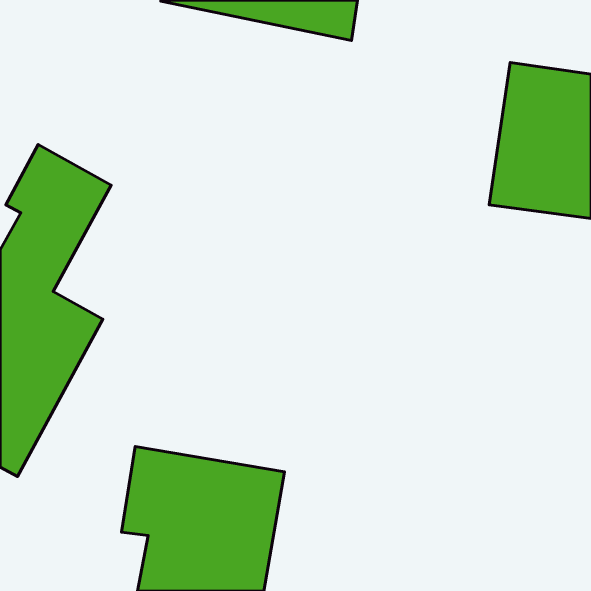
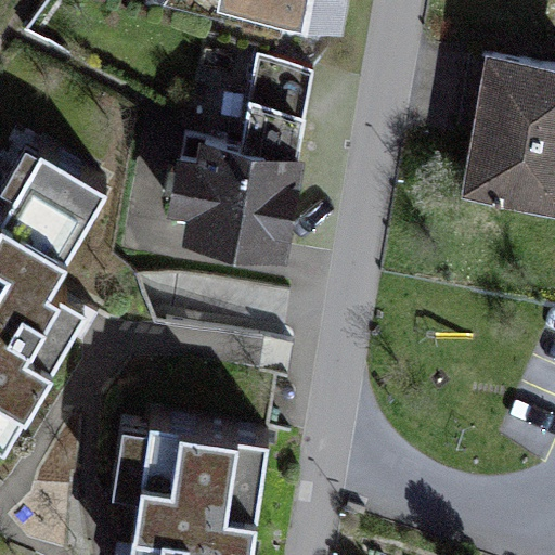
building: none -> [172,57,320,249]

